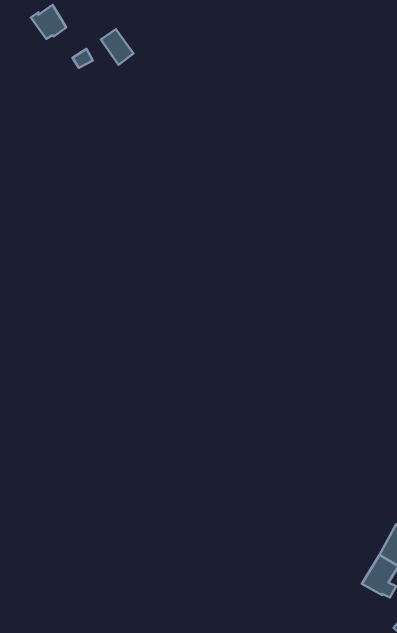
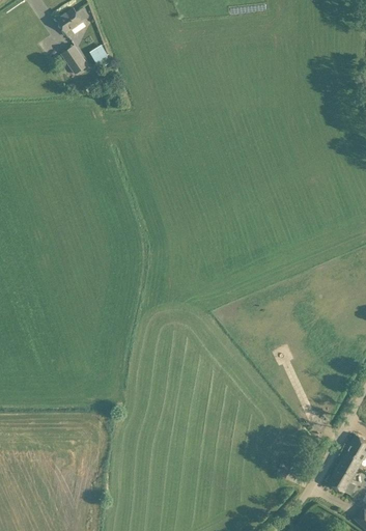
building: [101,29,134,65] -> [60,46,87,75]

